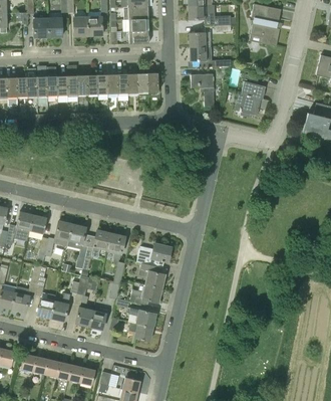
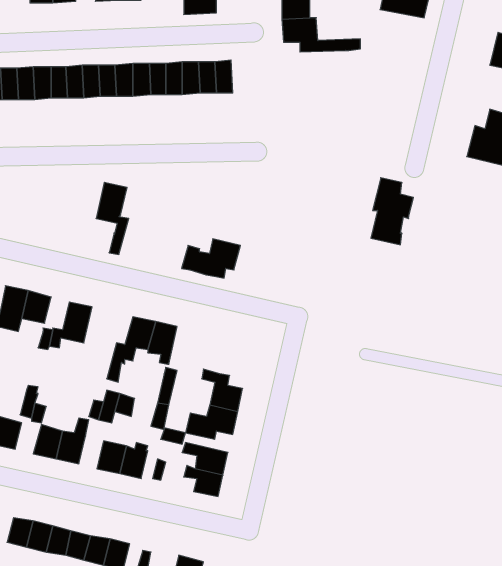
building: [191,74,214,107] -> none
building: [239,74,265,116] -> [371,178,413,245]
building: [67,224,87,268] -> [96,182,129,254]
building: [135,243,172,267] -> [182,239,240,278]

